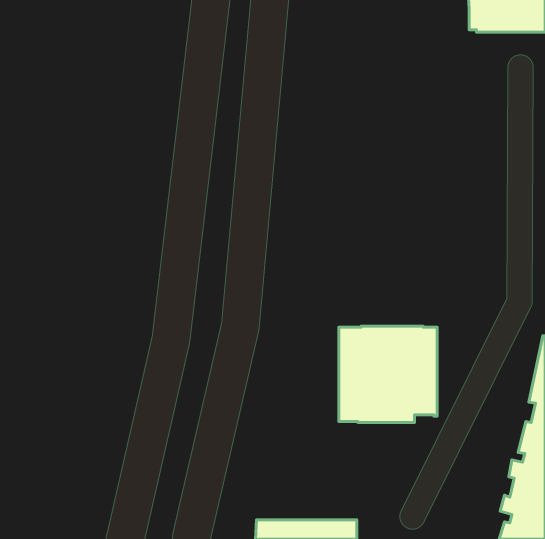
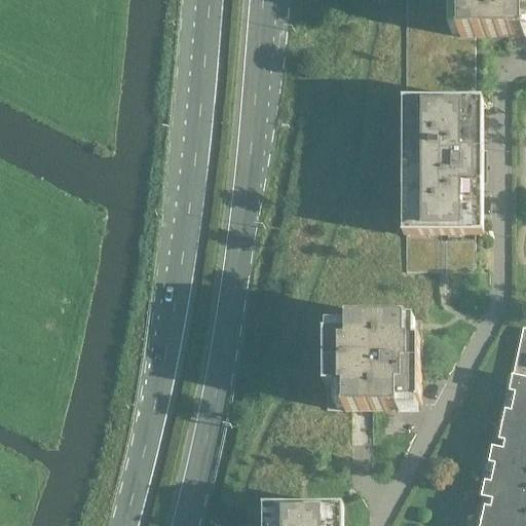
building: none -> [403,95,483,230]

